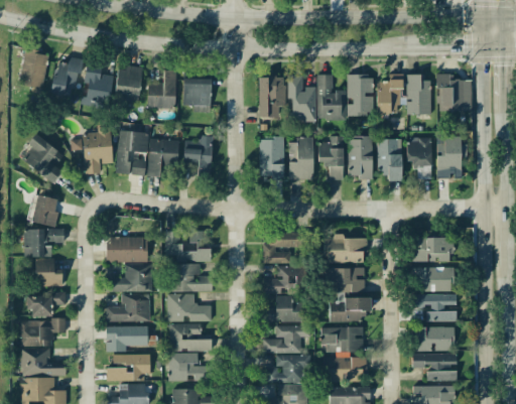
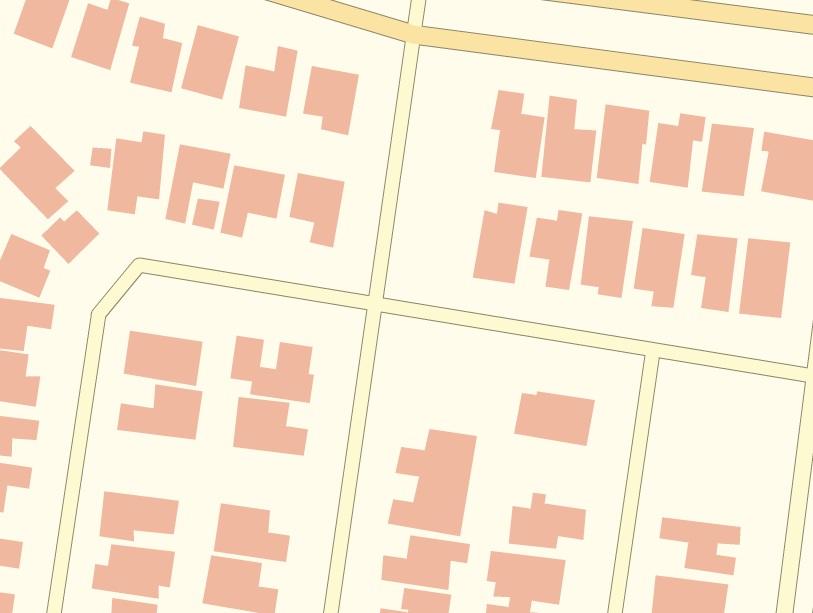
building: [259,77,286,118] -> none
building: [260,137,284,179] -> none
building: none -> [40,210,100,265]
building: [263,233,301,263] -> none
building: [411,237,453,262] -> none
building: [412,267,454,291] -> none
building: [324,268,365,292] -> none
building: [106,293,150,322] -> none
building: [167,293,212,321] -> none

